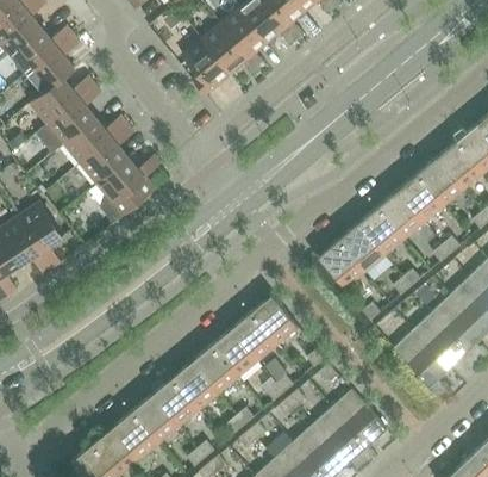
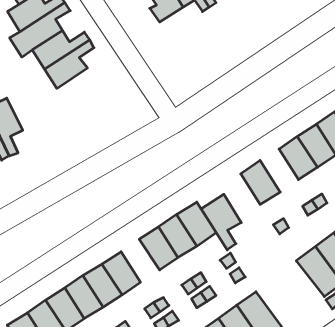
building: [96,155,159,223] -> none
building: [338,223,384,272] -> none
building: none -> [201,194,241,250]
building: [192,345,238,394] -> none

